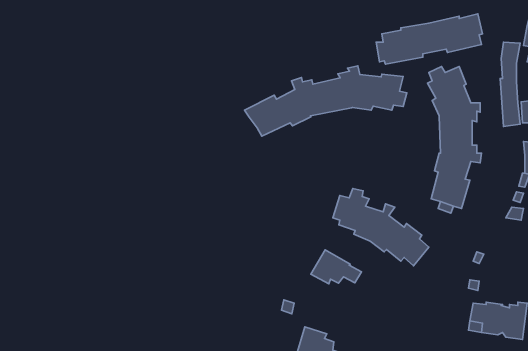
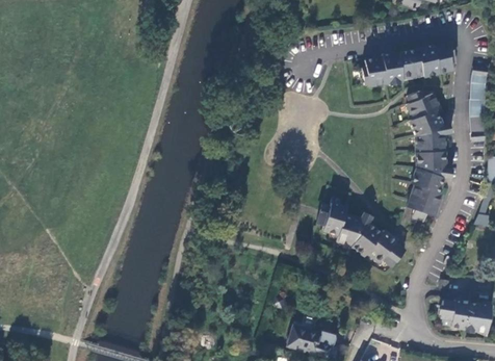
building: [245,66,407,136] -> none
building: [311,250,361,284] -> none

